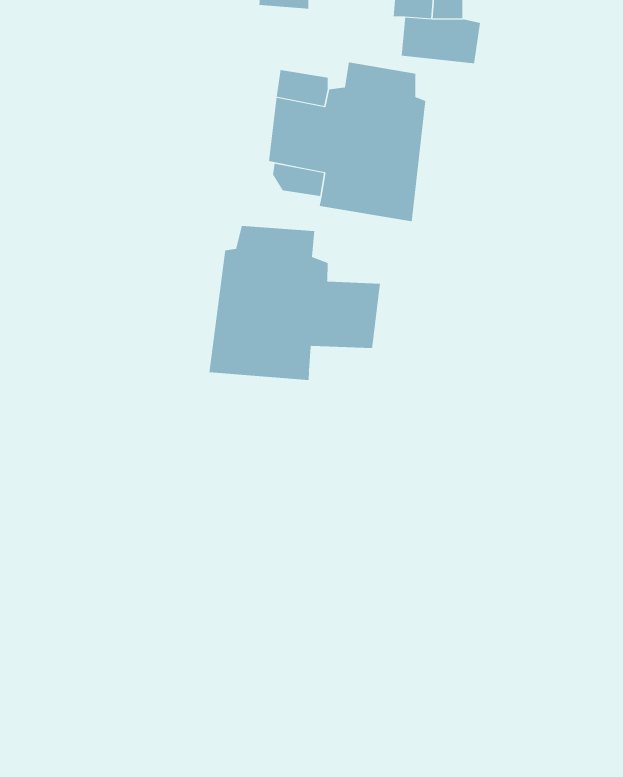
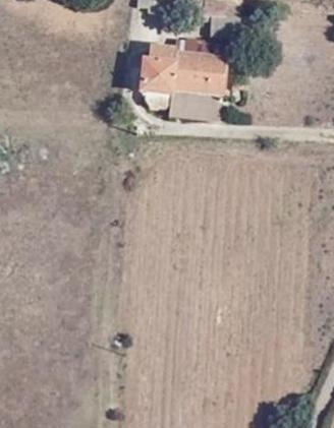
building: [209,225,380,381] -> none

